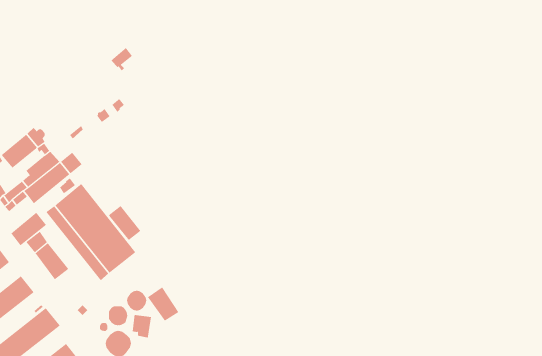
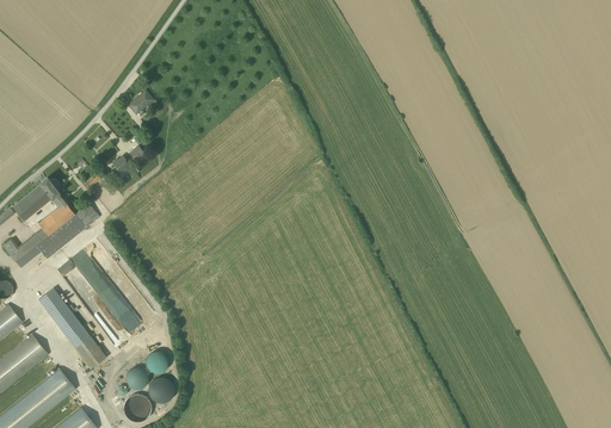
building: [108,205,141,241] -> none
building: [11,212,47,246] -> none
building: none -> [68,329,105,370]
building: [147,287,179,322] -> none

